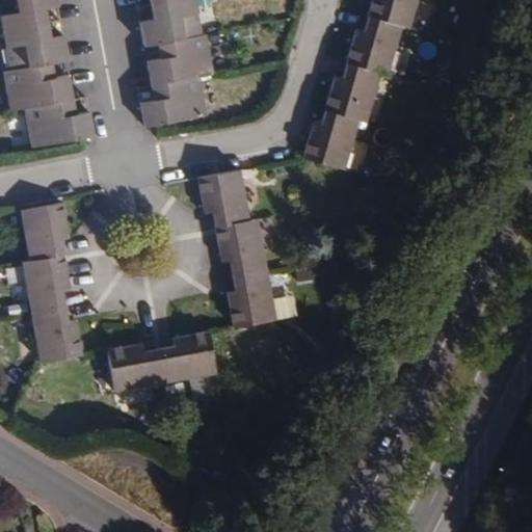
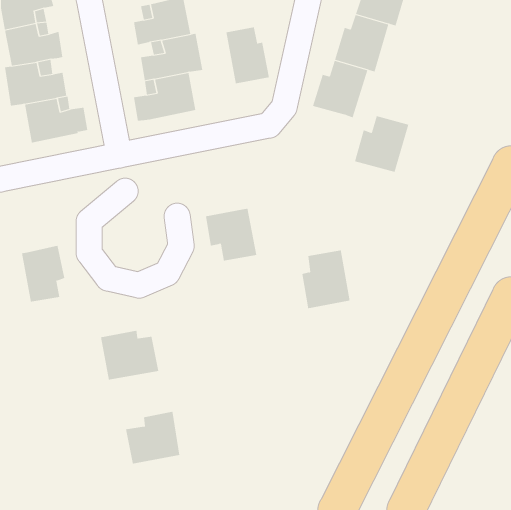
building: none -> [226,27,270,84]
building: [301,110,358,169] -> [354,115,409,172]
building: [197,168,251,224] -> none
building: [19,202,68,262] -> none
building: [225,265,276,326] -> [301,250,350,309]
building: [31,309,79,363] -> none
building: [158,330,215,385] -> [125,411,180,464]

